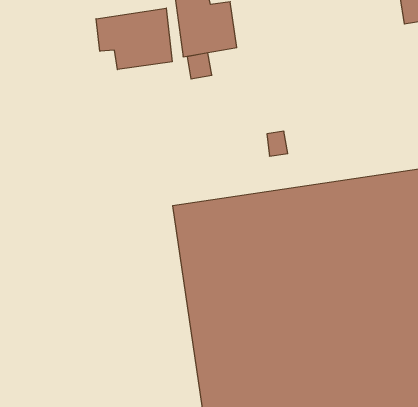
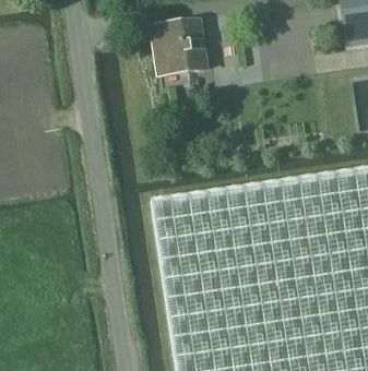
building: [96,8,172,70] -> none

